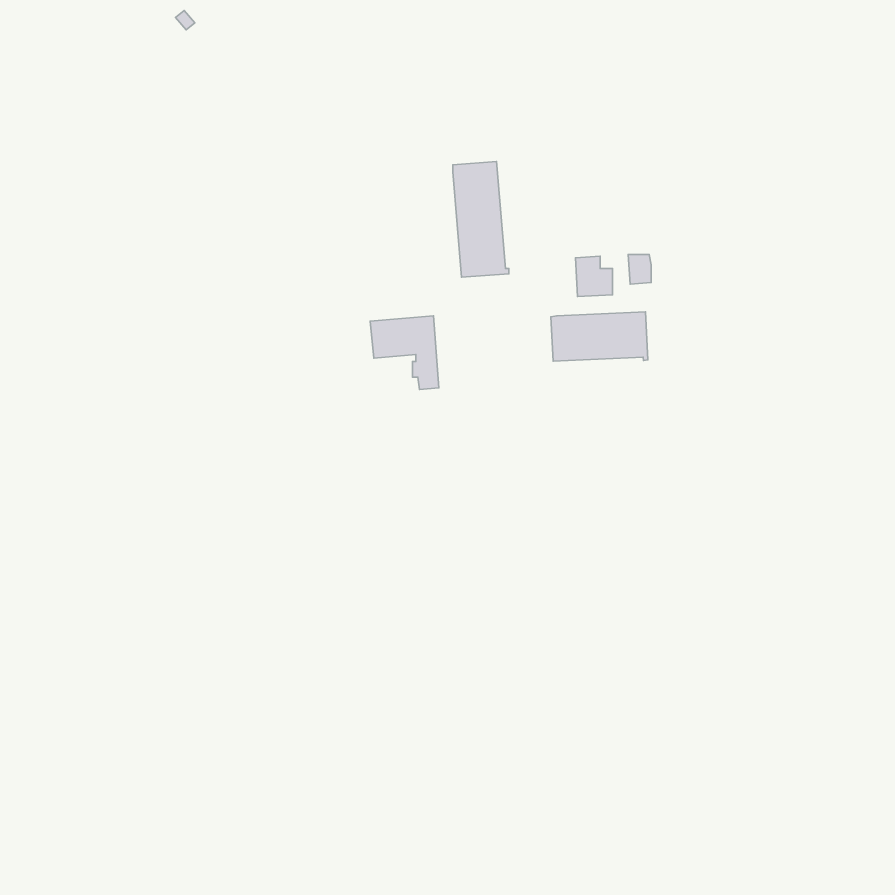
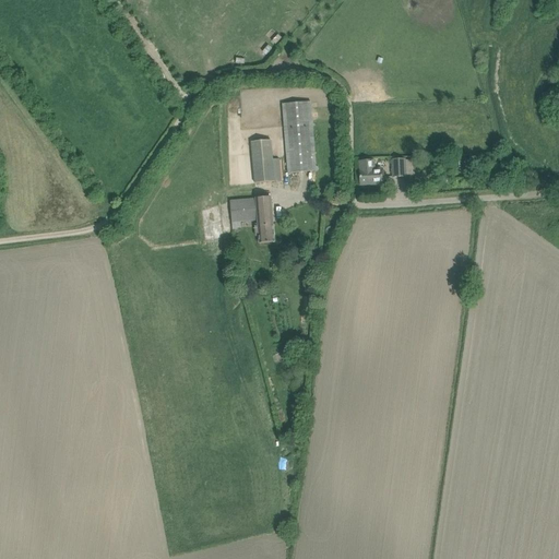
building: none -> [250,140,281,182]
building: [551,312,648,361] -> none

